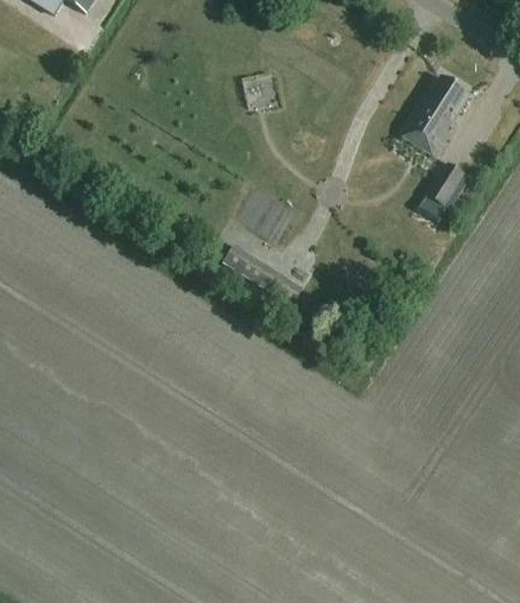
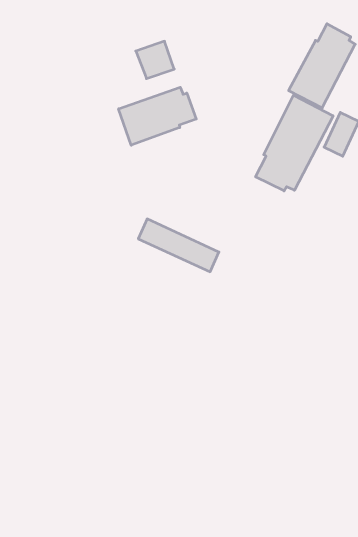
building: none -> [119,87,196,145]
building: none -> [256,95,333,191]

